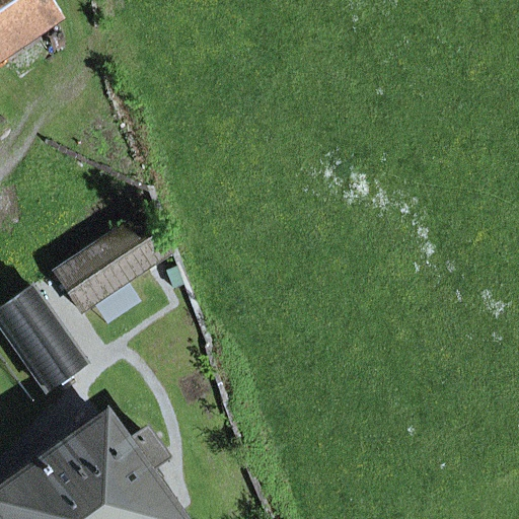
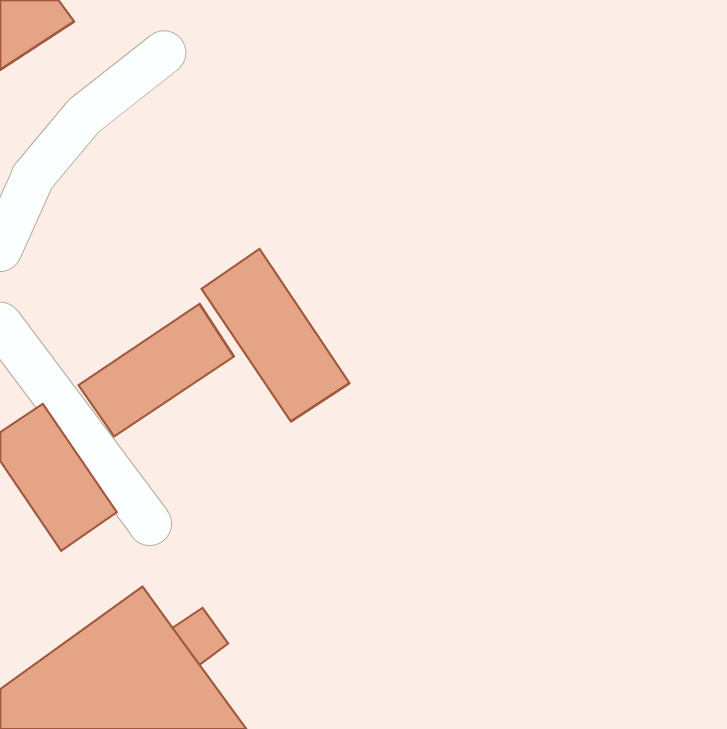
building: none -> [202,249,350,421]

